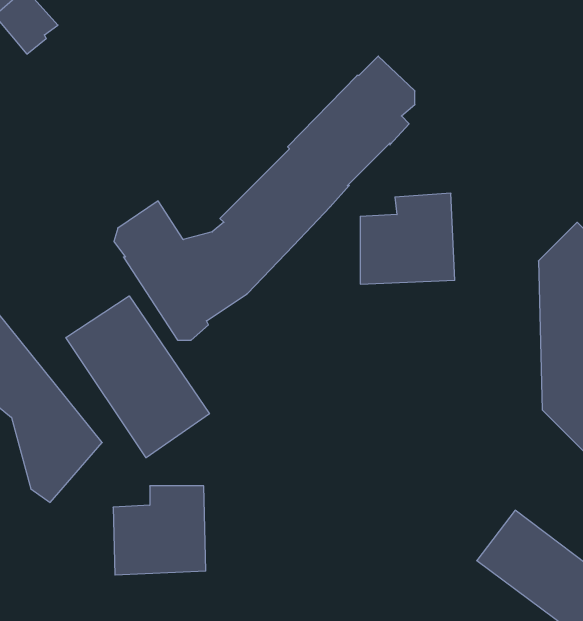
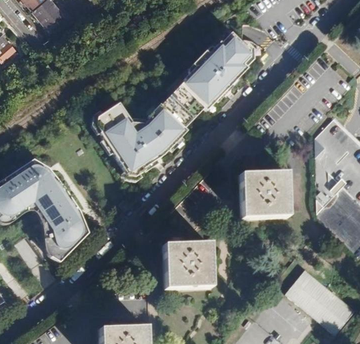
building: [360,193,455,284] -> [240,171,289,218]
building: [66,296,209,458] -> none
building: [113,486,206,575] -> [163,242,211,288]

